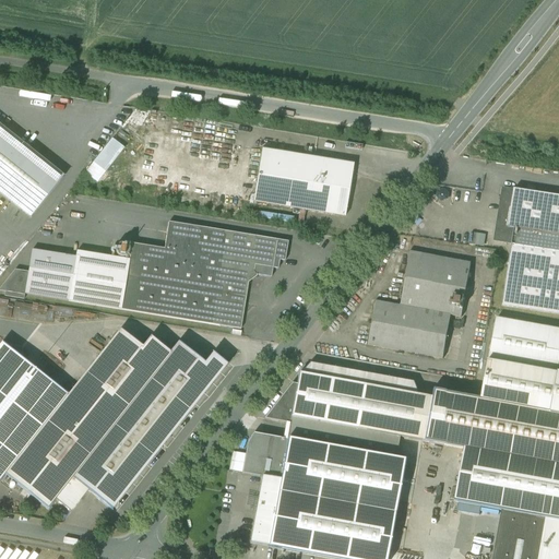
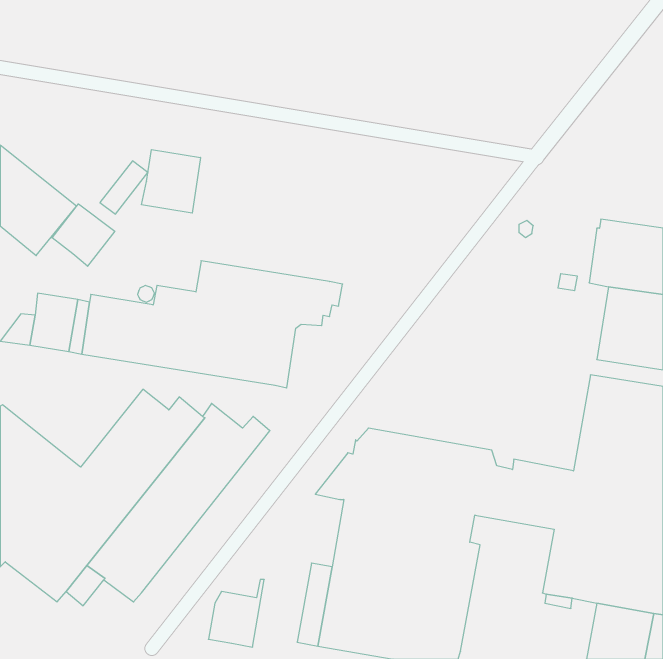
building: none -> [142,150,200,213]
building: [253,146,354,214] -> none
building: none -> [52,204,115,266]
building: [367,249,472,356] -> none
building: [242,420,289,477] -> [208,580,264,647]

